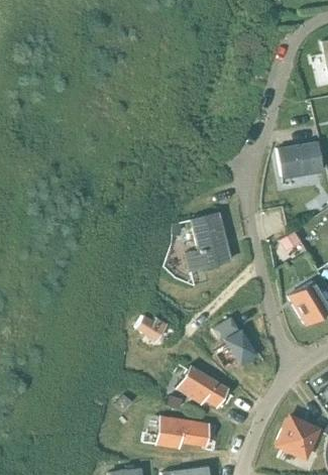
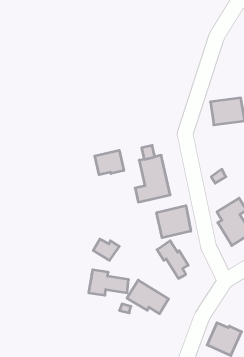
building: none -> [95,150,124,175]
building: none -> [157,206,191,238]
building: [159,418,209,449] -> [89,270,129,295]

